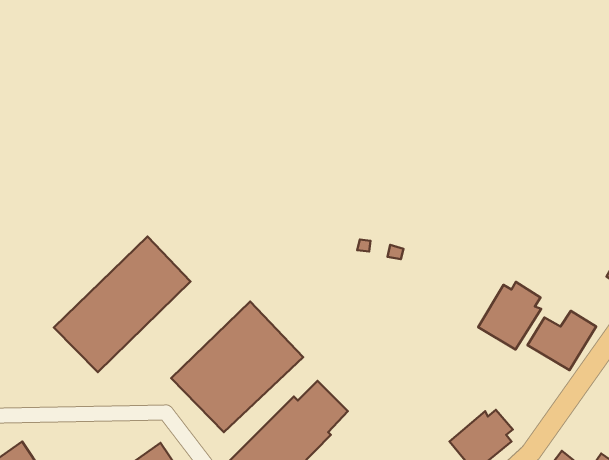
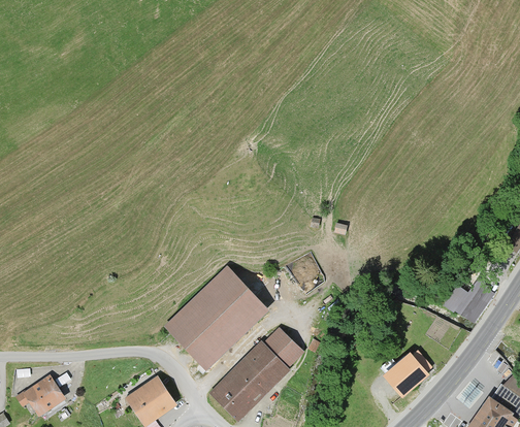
building: [54,237,190,372] -> none
building: [478,282,541,350] -> none

